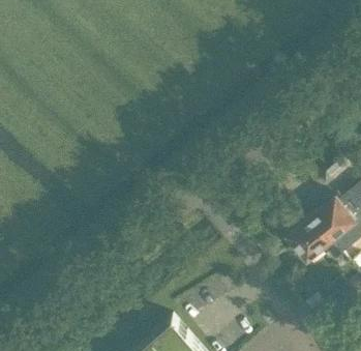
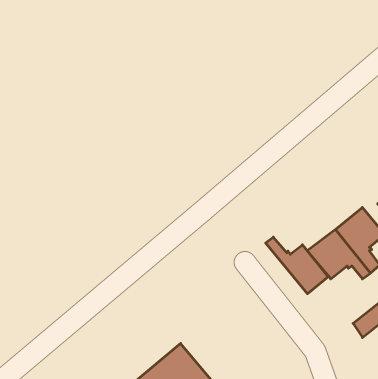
building: none -> [266,237,328,294]

